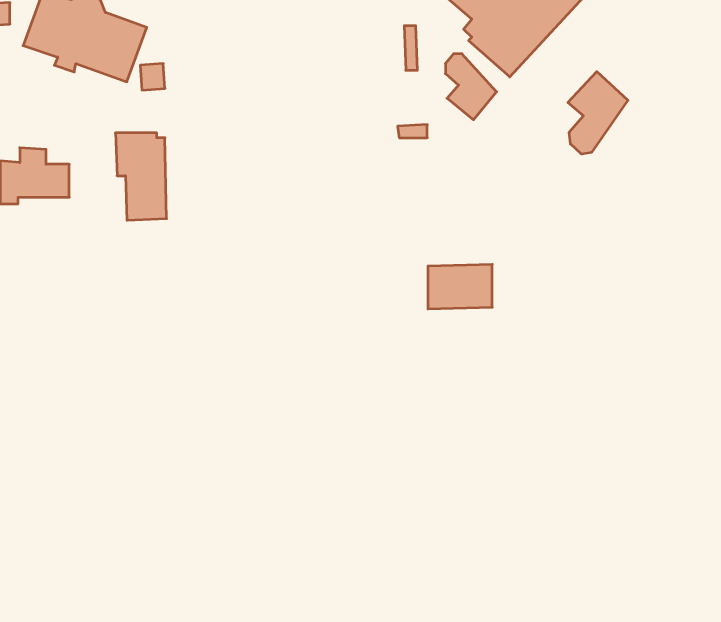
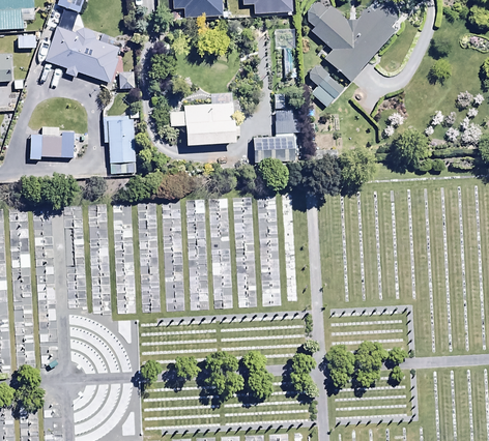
building: [568,72,628,154] -> none
building: none -> [170,102,239,145]
building: [428,264,492,309] -> [254,135,294,163]

